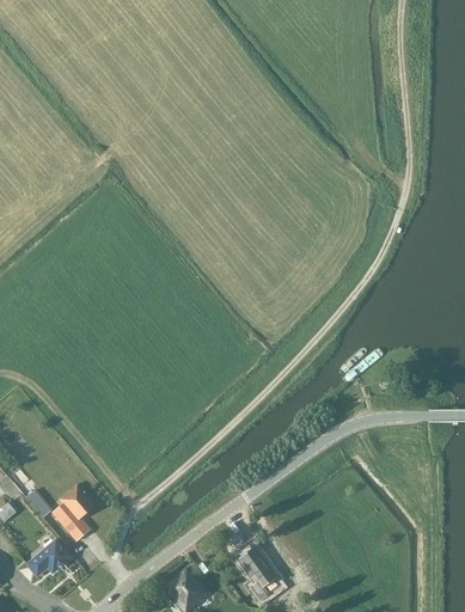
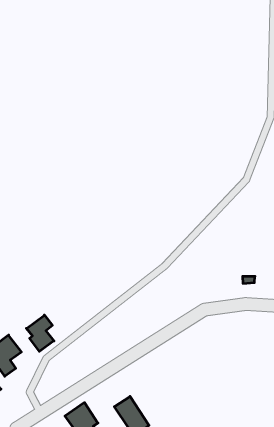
building: none -> [26,315,54,351]

